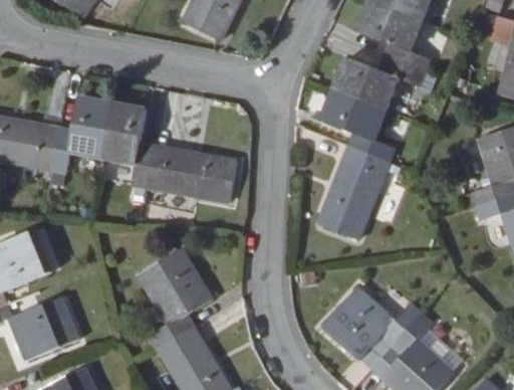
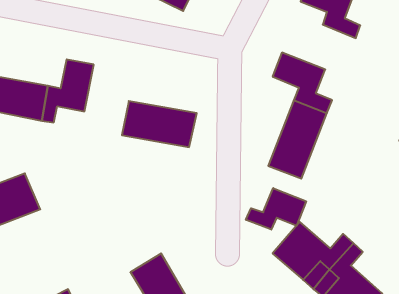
building: [335,56,423,110] -> none
building: [102,104,155,187] -> none
building: none -> [246,188,306,230]
building: [138,250,210,349] -> none
building: [11,299,78,360] -> none

